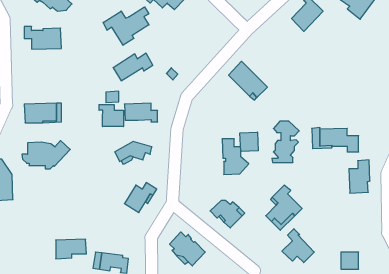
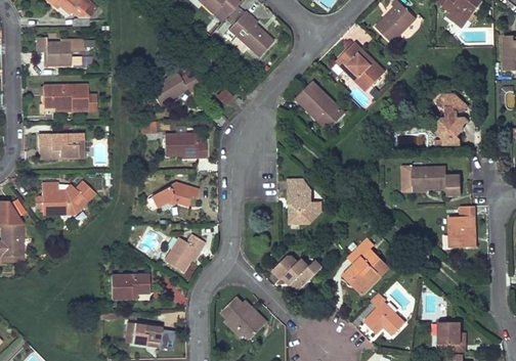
building: none -> [228,11,273,57]
building: [103,7,149,45] -> none
building: none -> [336,43,385,91]
building: none -> [42,85,88,110]
building: [99,105,123,127] -> none
building: [272,121,299,162] -> [434,93,469,145]
building: [240,132,258,152] -> none
building: [56,239,86,259] -> [111,274,149,299]

